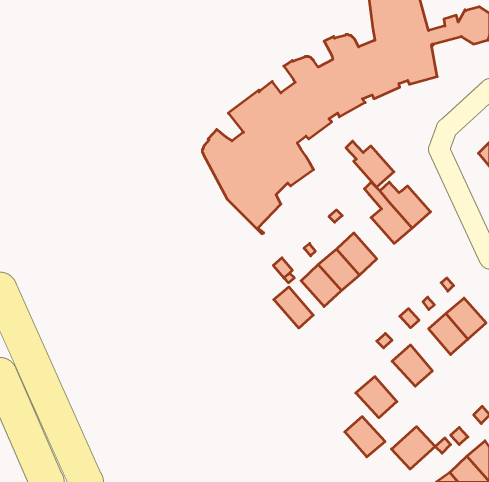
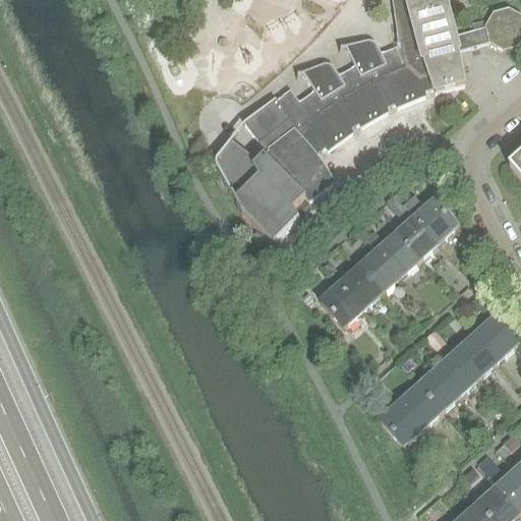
building: [346,141,394,187] -> [368,226,419,275]
building: [274,287,313,328] -> none
building: none -> [437,349,479,394]
building: [345,417,385,457] -> [399,384,442,426]
building: [391,427,435,469] -> none

